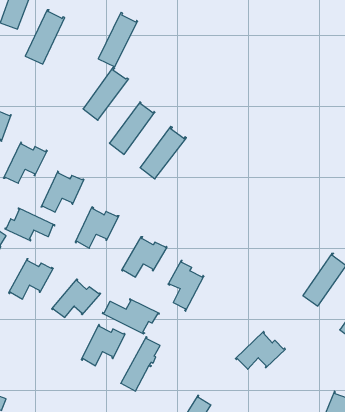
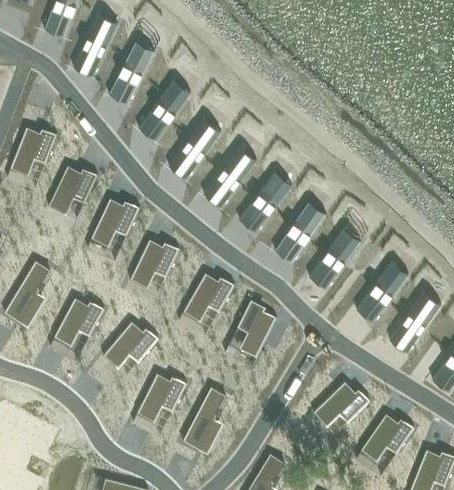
building: [98,12,138,67] -> [109,42,154,104]
building: none -> [239,173,292,233]
building: none -> [275,202,326,263]
building: none -> [309,229,361,289]
building: [5,208,55,241] -> none
building: none -> [356,263,409,322]
building: [103,299,159,334] -> none
building: none -> [360,414,414,460]

